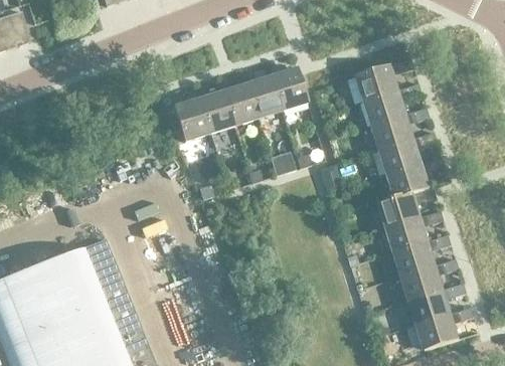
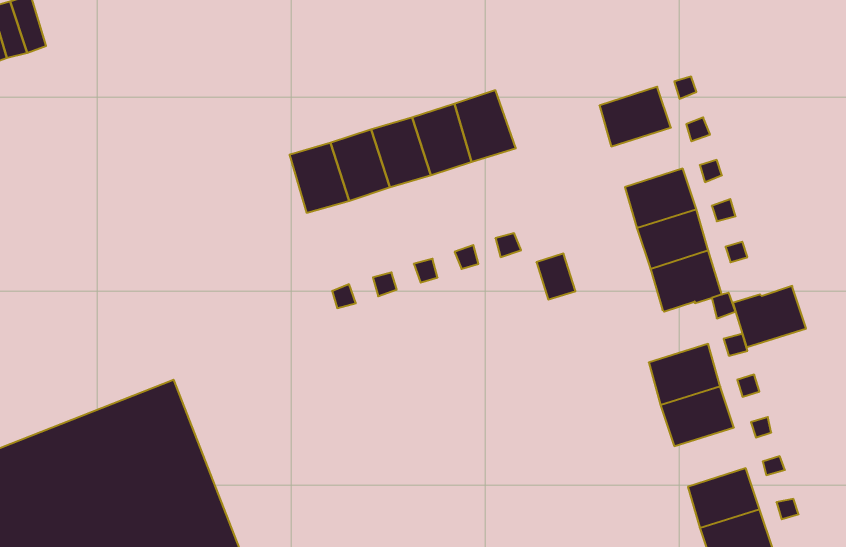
building: [363,89,405,125] -> none
building: [377,192,420,228] -> [733,286,806,347]
building: [400,266,443,302] -> none

